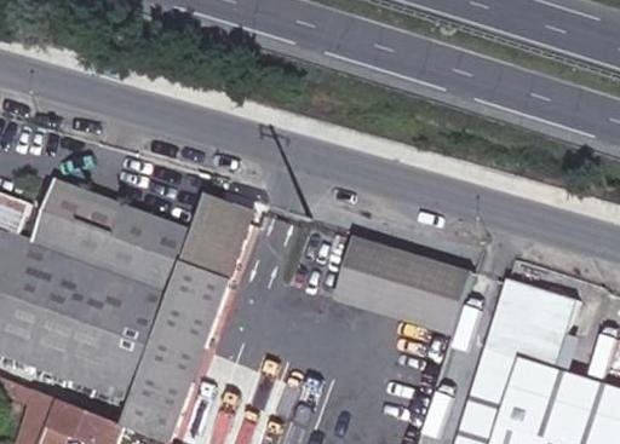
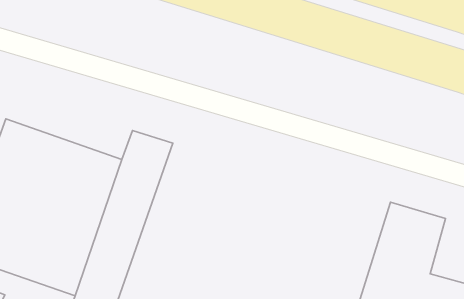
building: [338,237,475,336] -> none

